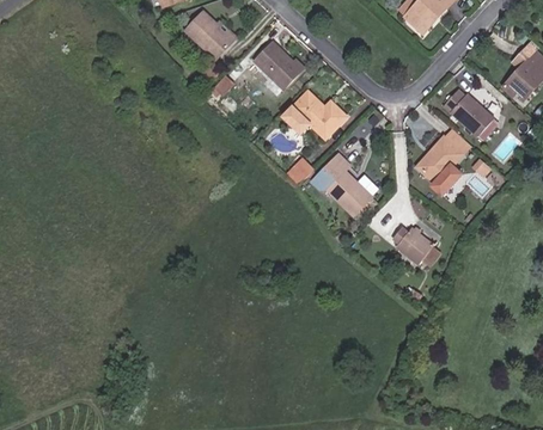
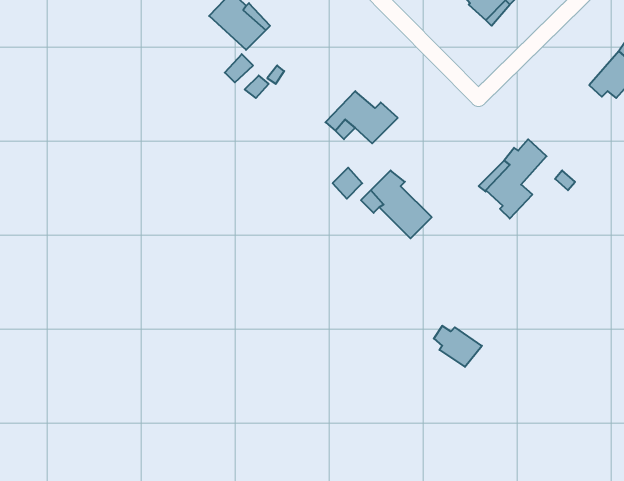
building: [255,42,304,87] -> none
building: [446,94,494,137] -> none
building: [391,227,432,262] -> [434,326,482,367]

